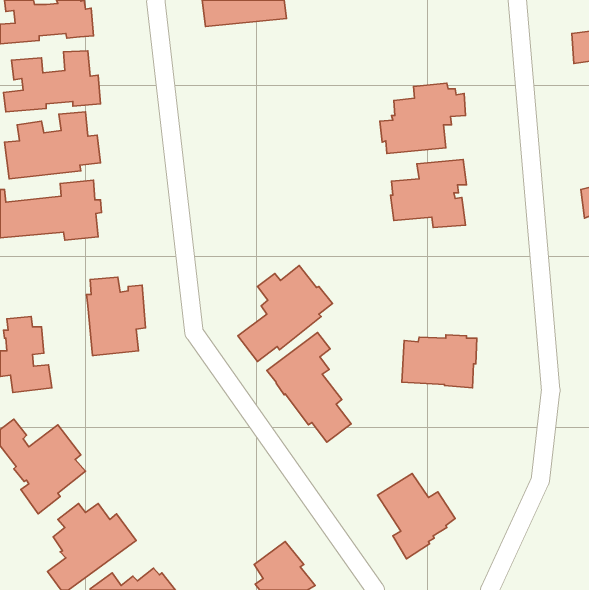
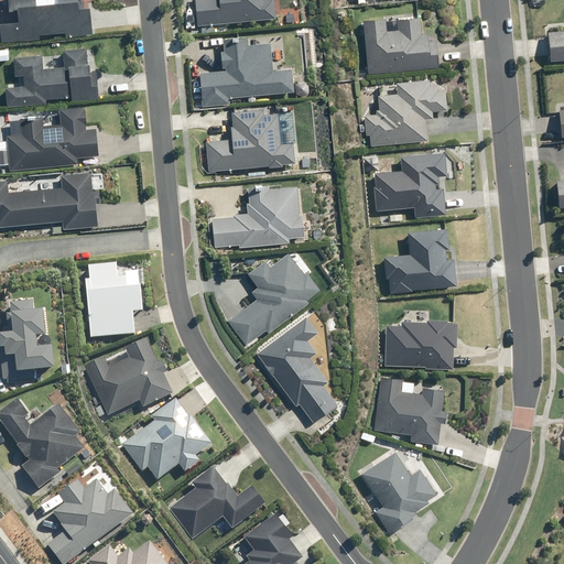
building: none -> [362,18,436,74]
building: none -> [199,37,293,107]
building: none -> [206,109,294,172]
building: none -> [213,186,302,247]
building: none -> [383,228,455,293]
building: none -> [85,340,172,416]
building: none -> [373,377,445,444]
building: none -> [122,400,210,481]
building: none -> [170,468,263,540]

